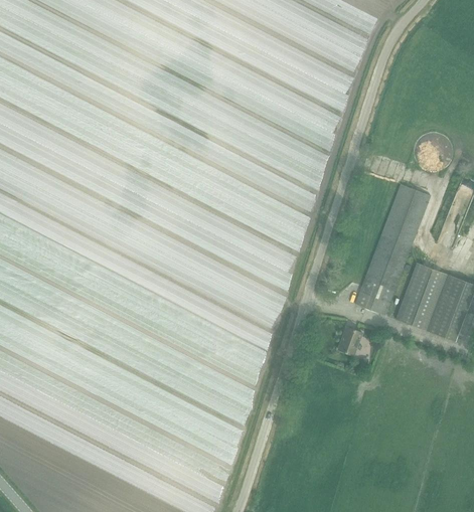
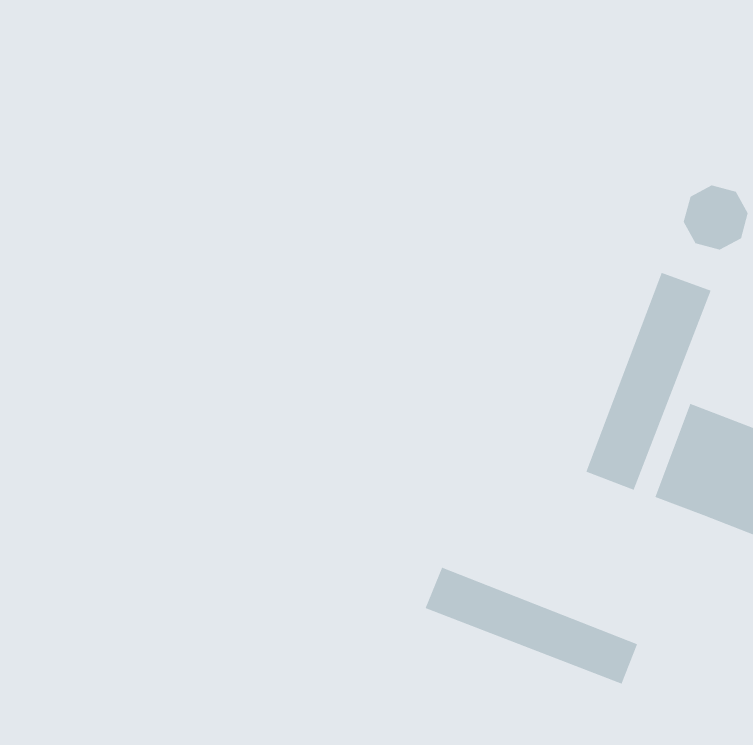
building: [338,326,362,355] -> none
building: none -> [425,567,638,684]

